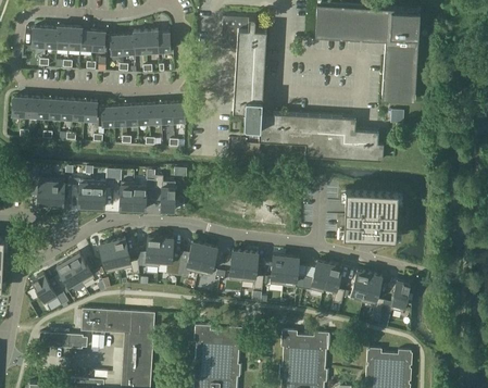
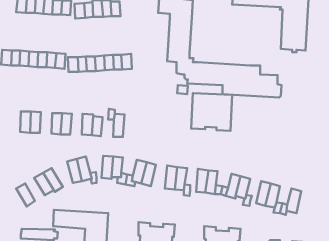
building: [343,190,398,240] -> [191,93,232,131]

